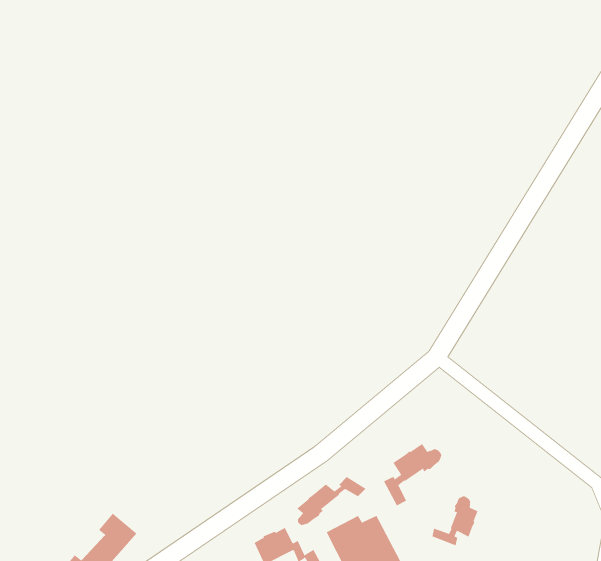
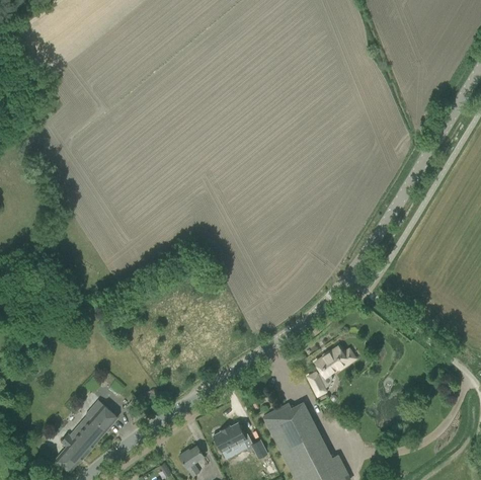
building: [296,476,367,526] -> none
building: [432,495,478,546] -> none

